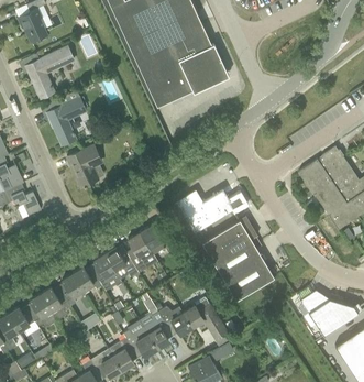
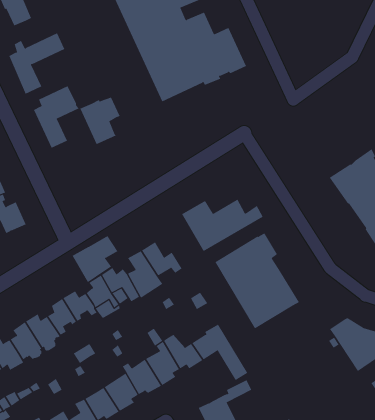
building: [66,148,101,188] -> [79,97,121,145]
building: none -> [72,235,118,283]

